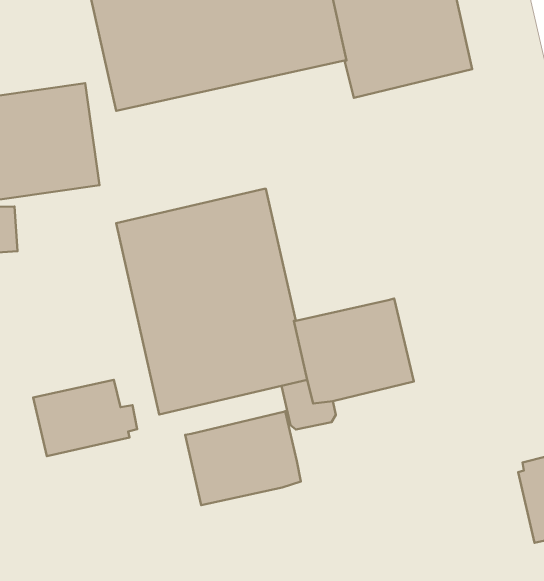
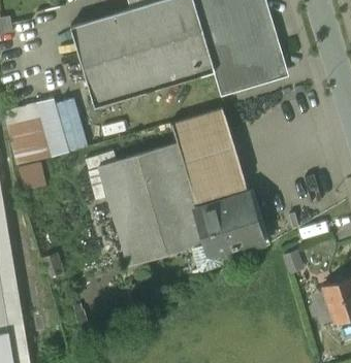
building: none -> [173,112,248,211]
building: [33,380,137,456] -> none
building: [185,411,301,505] -> none

